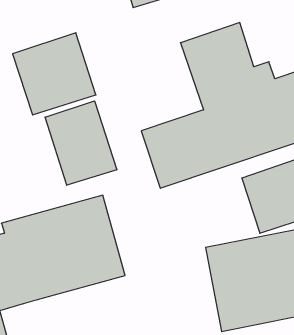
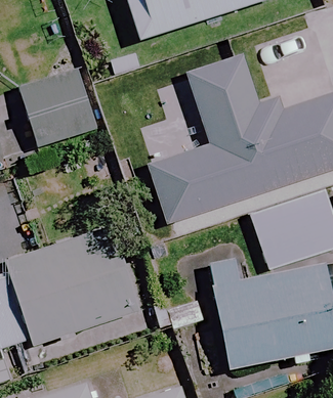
building: [45,101,117,185] -> none

